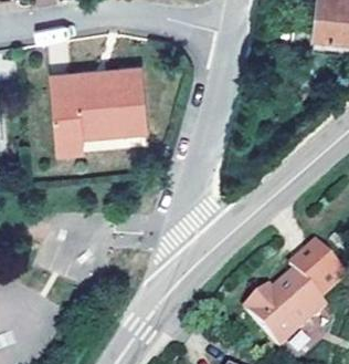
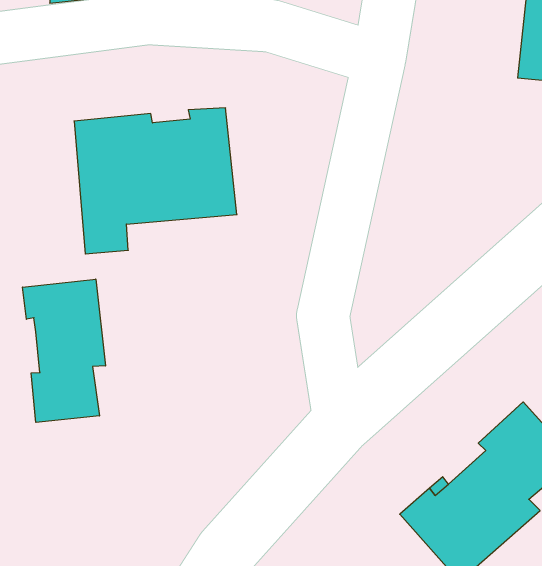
building: none -> [23,279,105,422]

